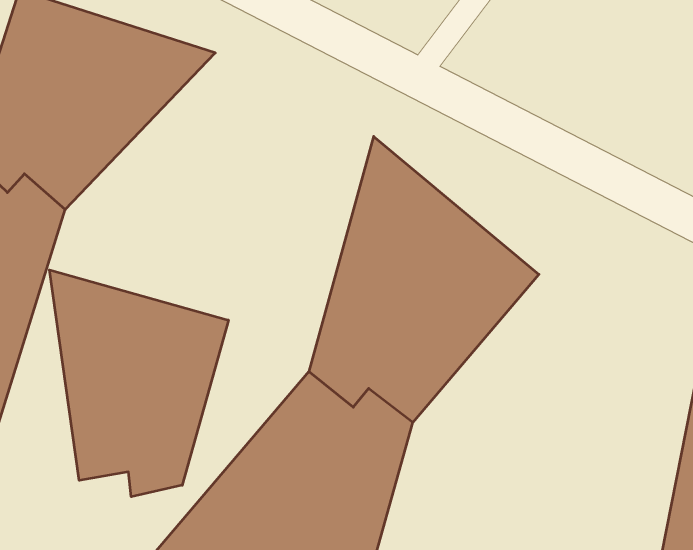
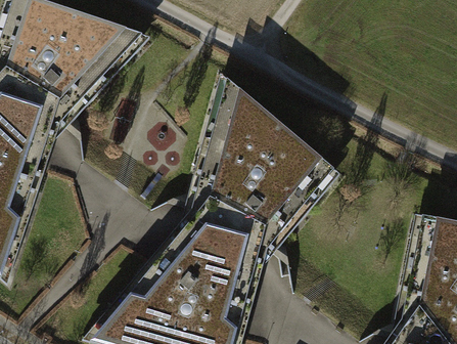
building: [49,270,228,497] -> none

